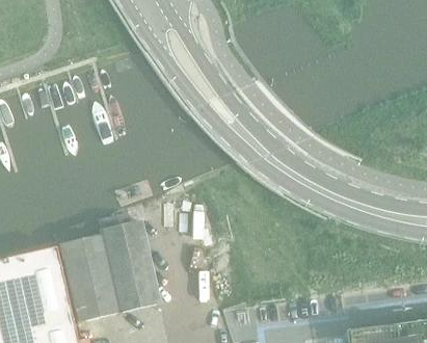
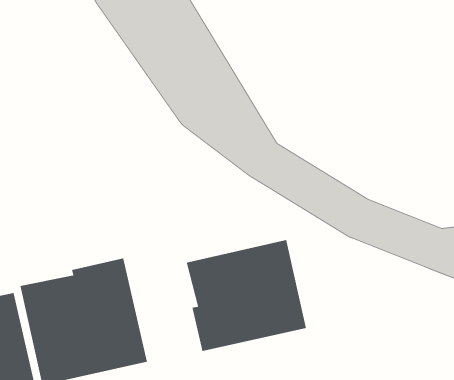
building: none -> [186,239,307,352]

